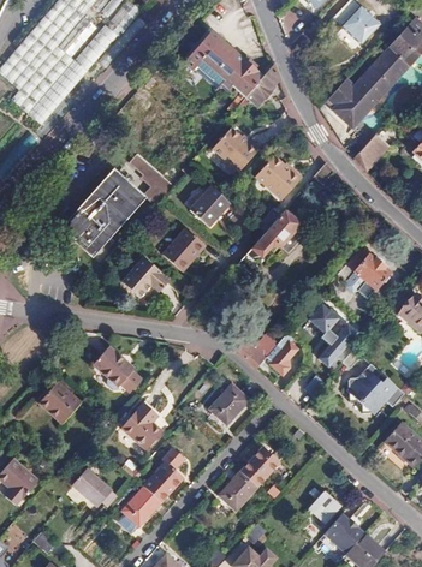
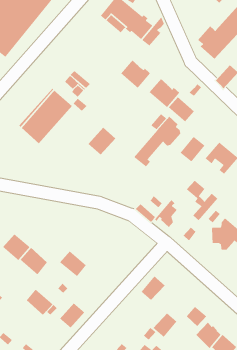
building: none -> [168,96,195,123]
building: [191,183,230,223] -> none
building: none -> [179,136,206,163]
building: [124,257,171,298] -> none
building: [93,346,135,388] -> [20,247,48,275]
building: [212,386,249,423] -> none
building: [144,448,188,501] -> none
building: [221,471,258,508] -> [152,313,178,338]

